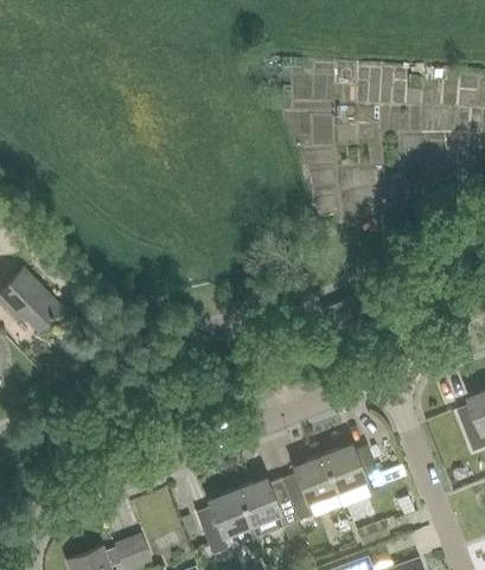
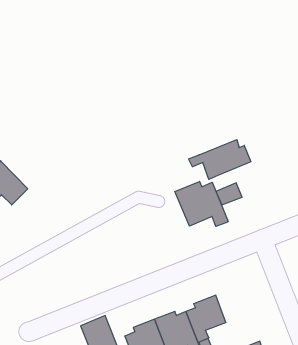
building: none -> [189,140,251,179]
building: none -> [175,181,228,226]
building: [323,444,384,494] -> none

